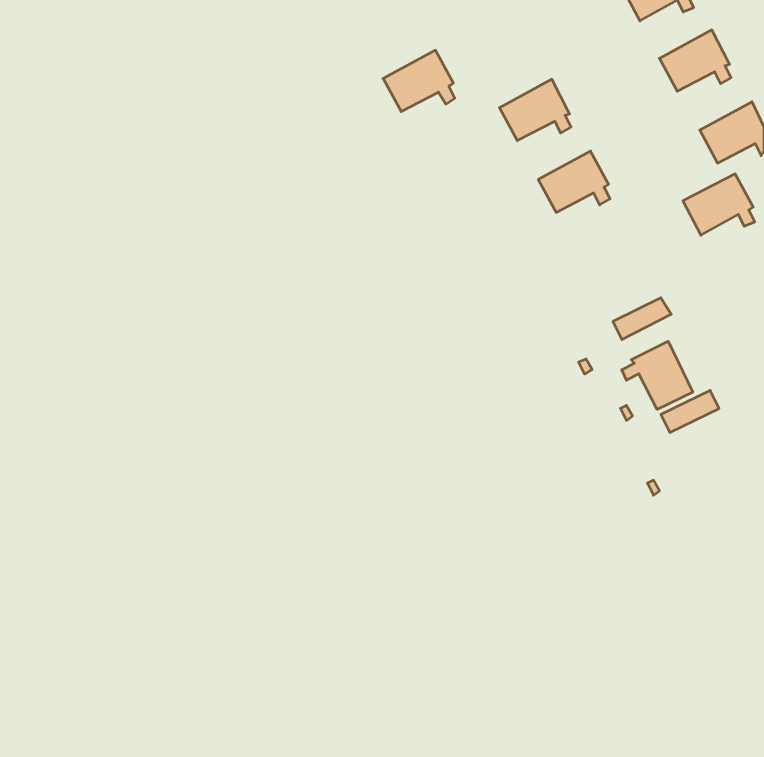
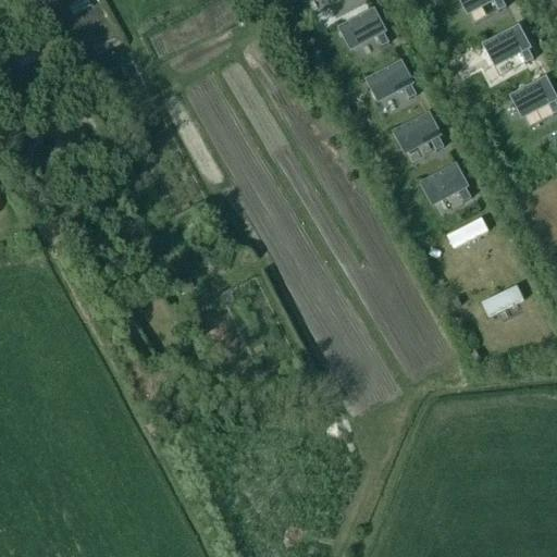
building: [383,50,455,112] -> [336,5,388,50]
building: [683,174,755,235] -> [419,161,471,206]
building: [622,341,693,409] -> none

